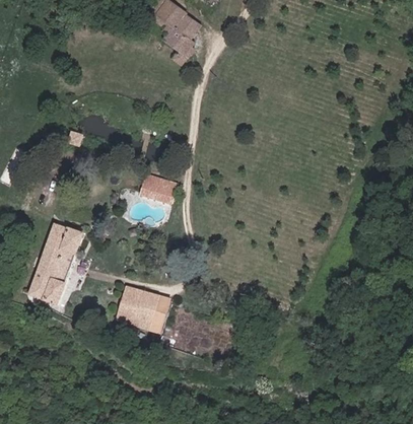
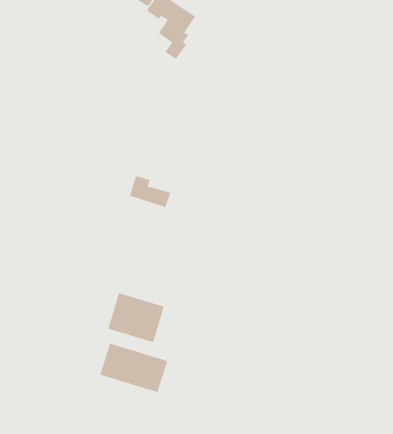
building: [29,223,82,303] -> none
building: none -> [100,343,168,393]

